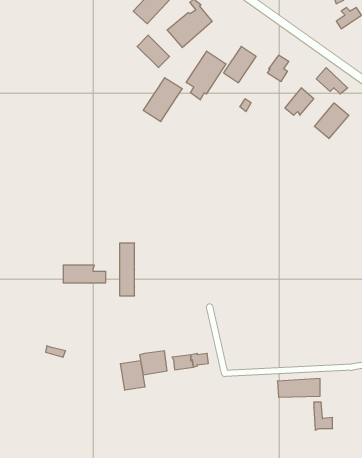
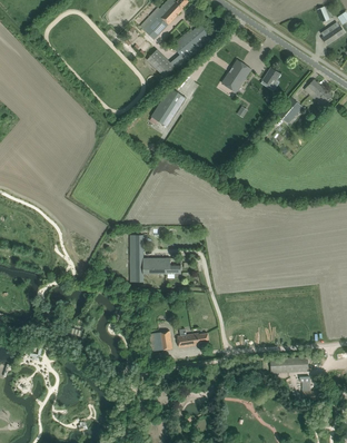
building: [186,51,226,100] -> none
building: [314,103,349,139] -> none
building: [63,265,106,283] -> [142,258,180,274]
building: [120,360,145,390] -> none

